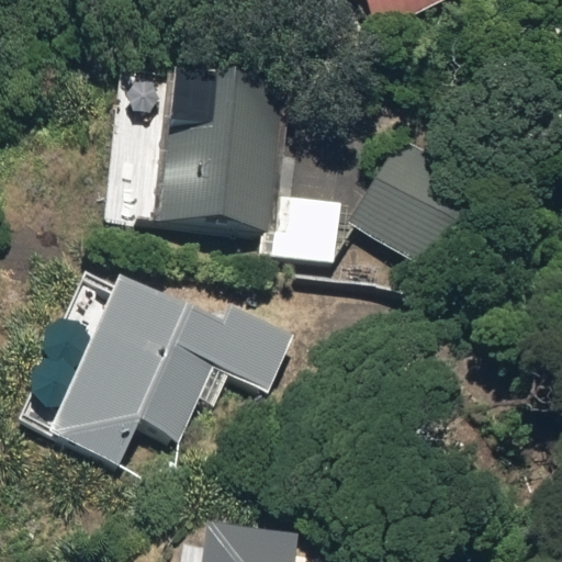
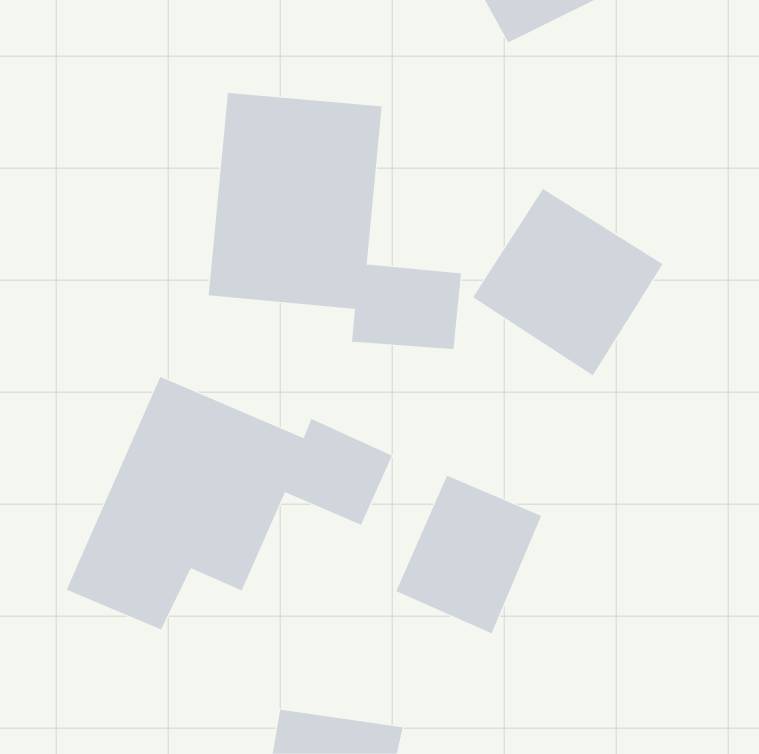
building: none -> [395,475,542,634]

